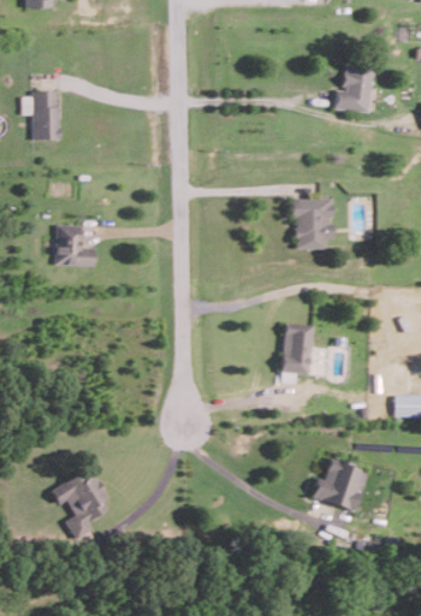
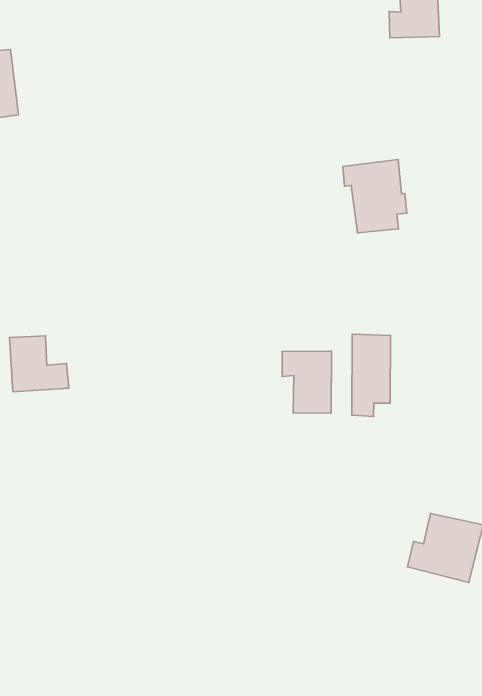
building: [54,225,95,266] -> [9,336,69,392]
building: none -> [282,351,331,413]
building: [49,468,112,540] -> none

